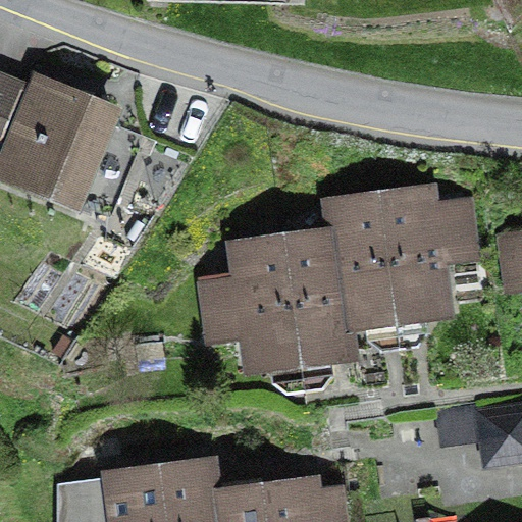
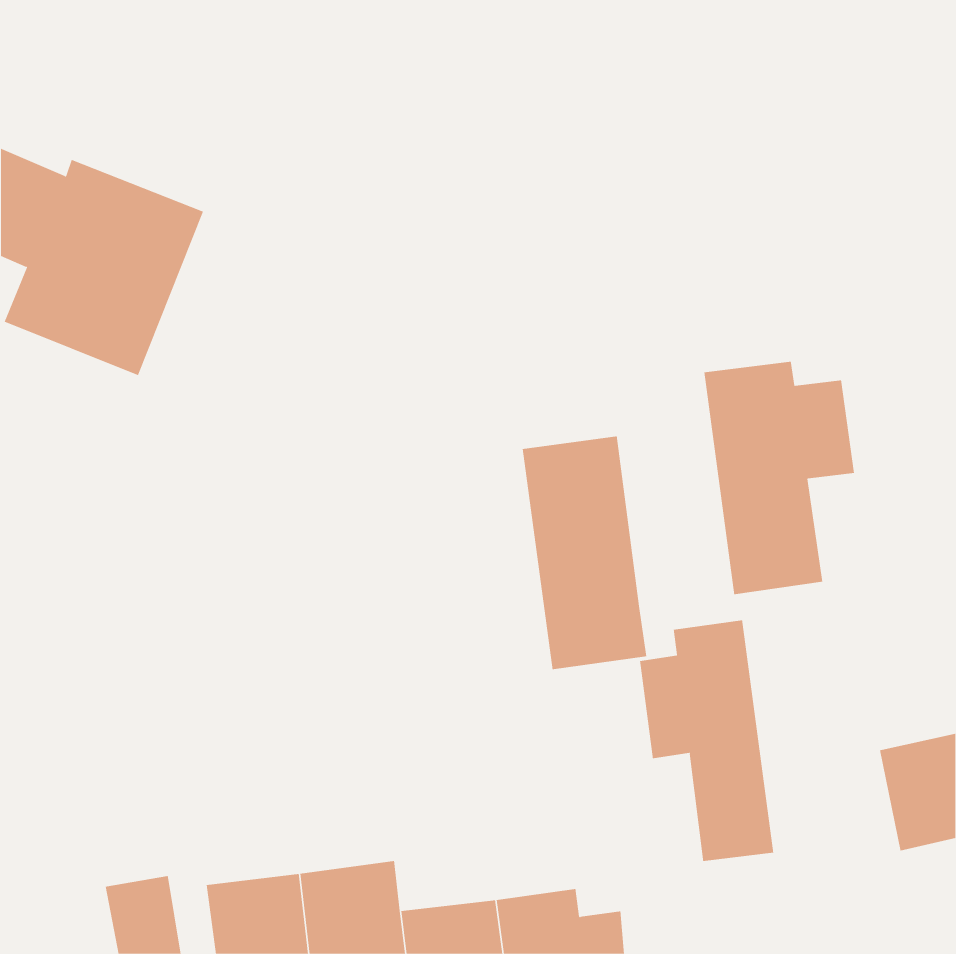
building: [332,203,400,330] -> none
building: [214,245,301,371] -> none
building: none -> [640,619,774,862]

